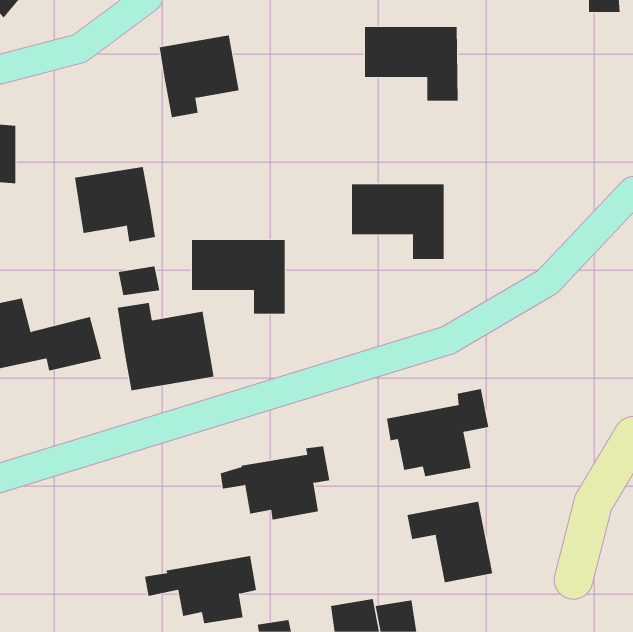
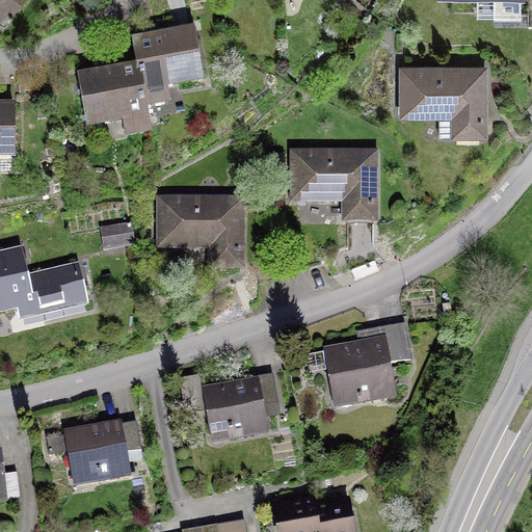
building: [364,27,459,101] -> [403,69,482,131]
building: [74,166,156,242] -> [79,65,148,129]
building: [117,302,214,391] -> none
building: [407,501,493,583] -> none
building: [144,556,257,624] -> [46,420,140,477]

